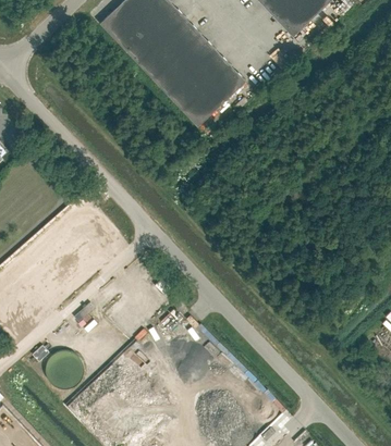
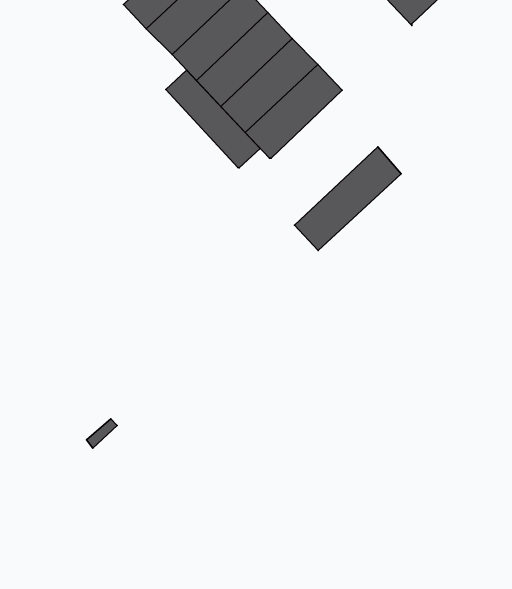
building: none -> [166,70,260,168]
building: none -> [294,147,401,250]

